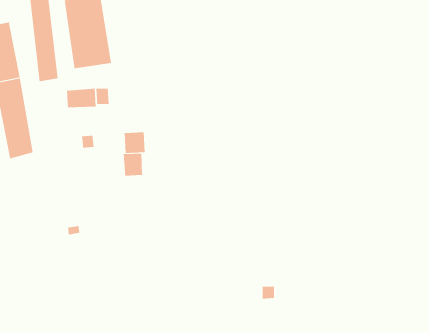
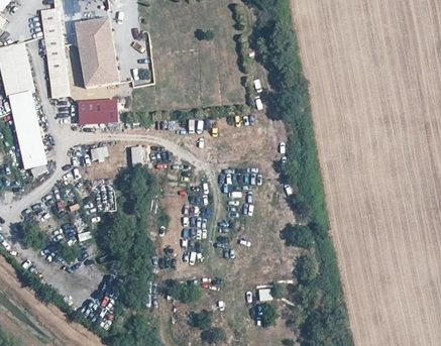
building: [123,153,143,176] -> none

